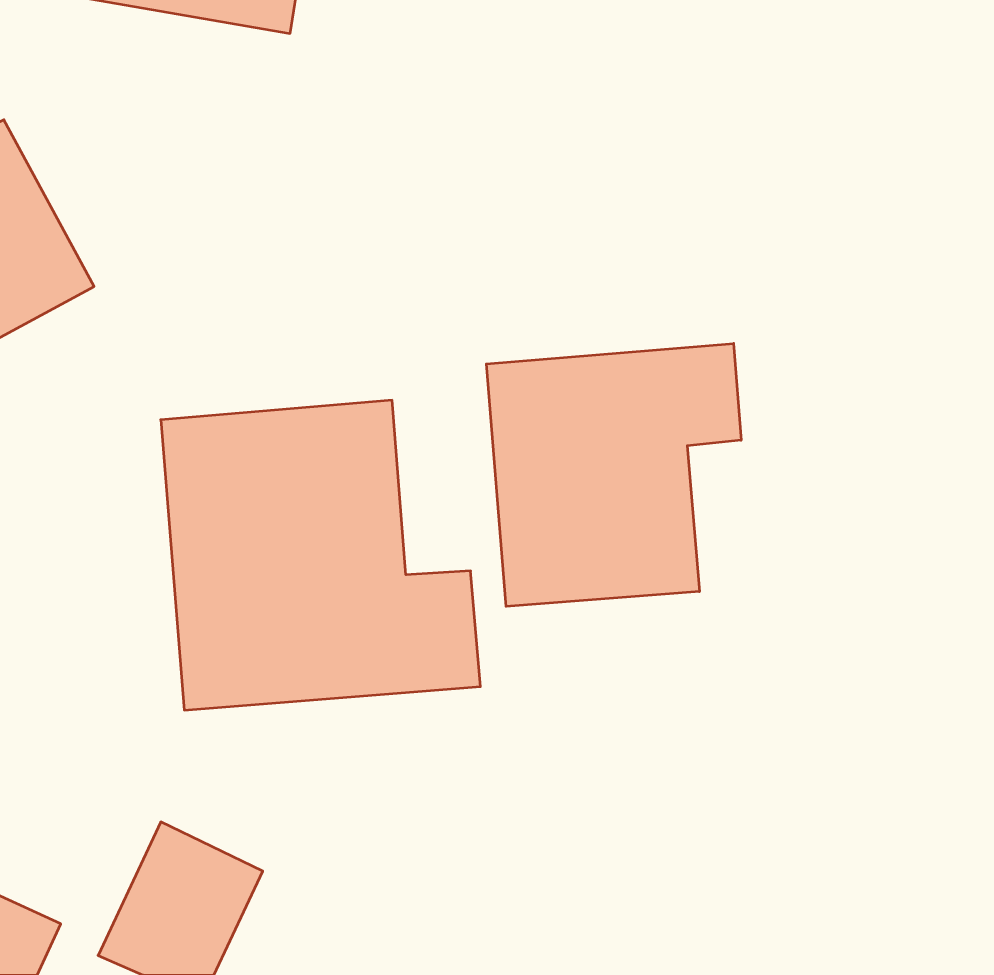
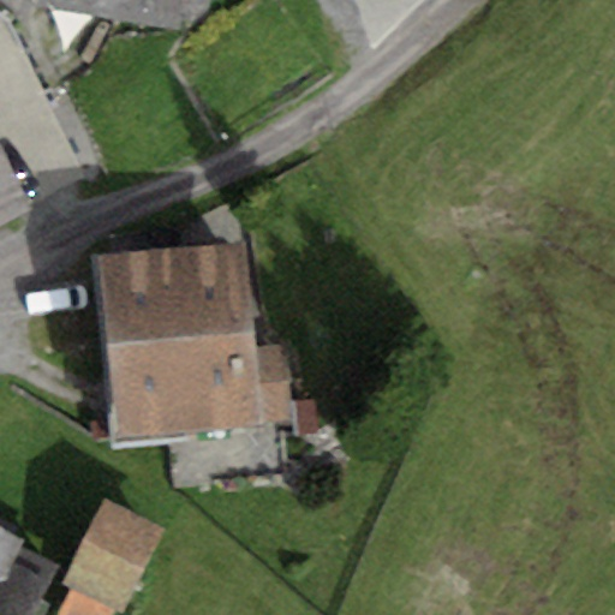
building: [486,343,741,606] -> none

